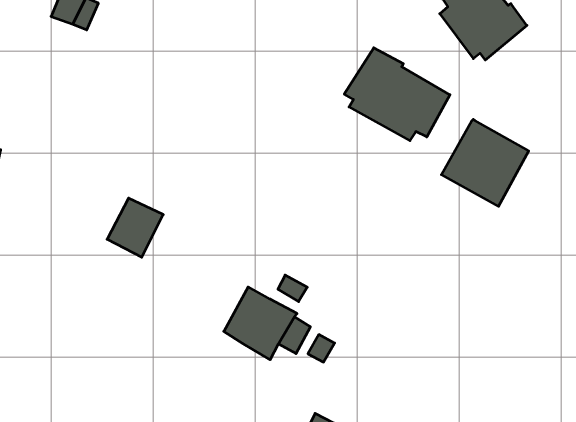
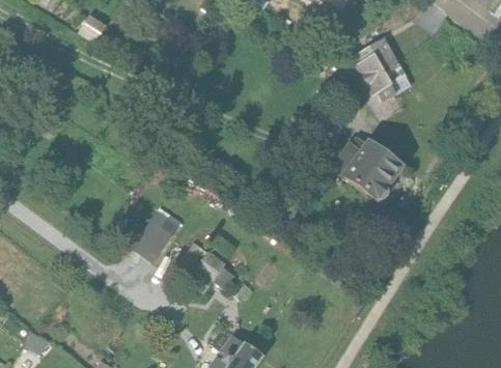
building: [344,48,450,141] -> none
building: [107,198,163,257] -> [130,217,171,259]

